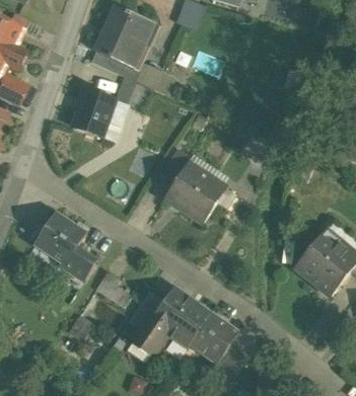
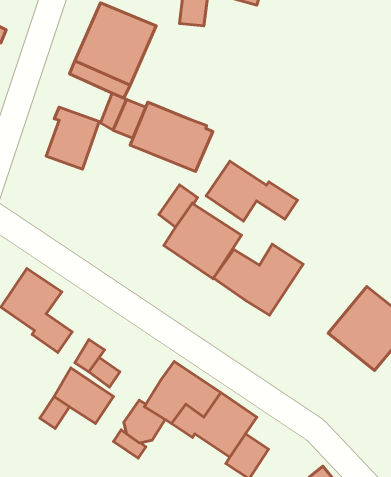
building: none -> [130,102,213,171]
building: none -> [206,161,297,221]
building: none -> [214,244,303,315]
building: [128,291,163,327] -> none

